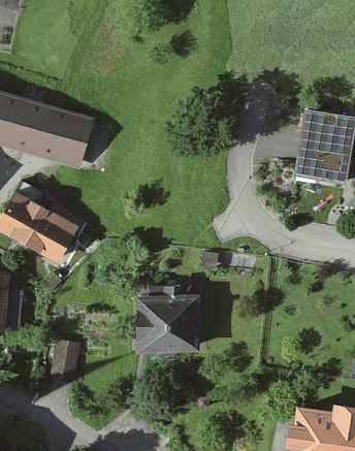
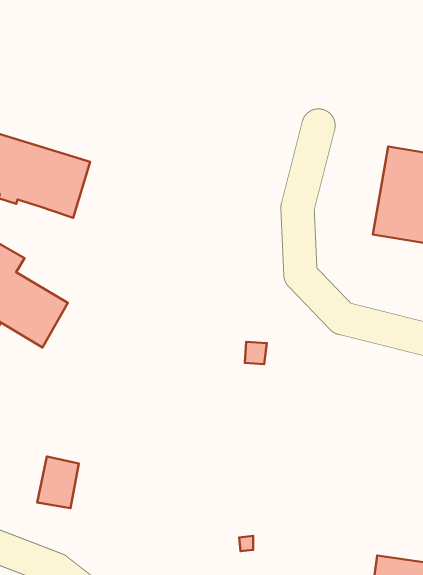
building: [142,291,198,352] -> none

